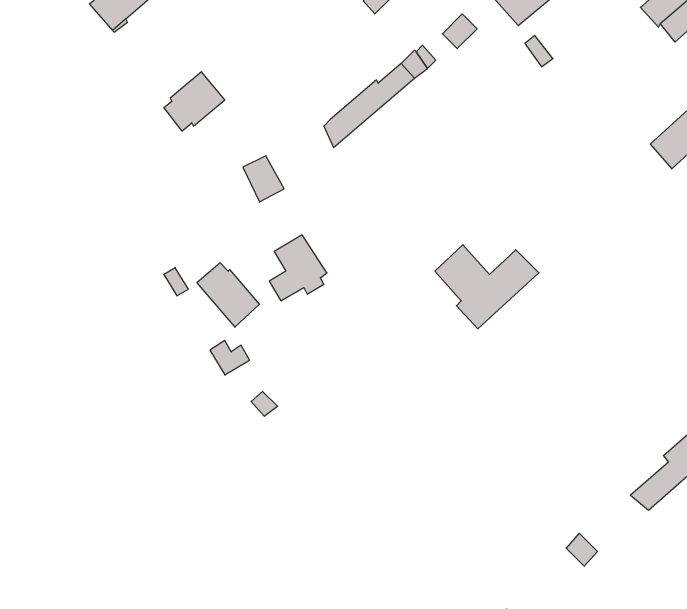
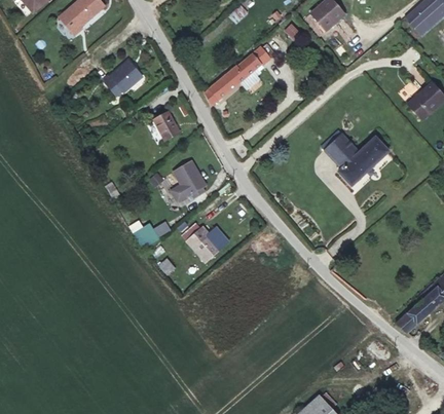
building: [435,245,539,329] -> [325,133,390,185]
building: [197,263,260,327] -> [182,222,221,262]

